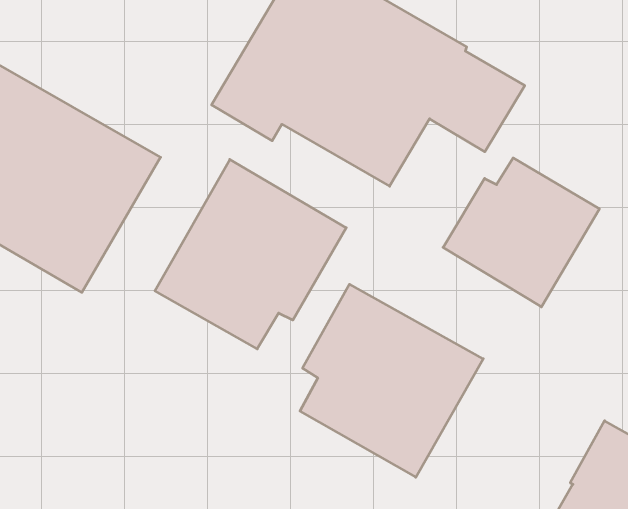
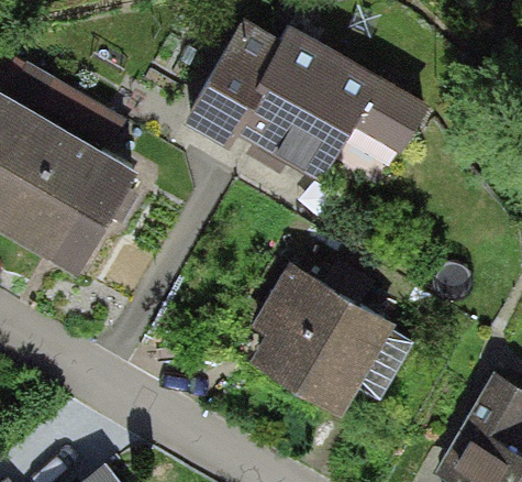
building: [443,158,599,307] -> none
building: [155,159,346,349] -> none

